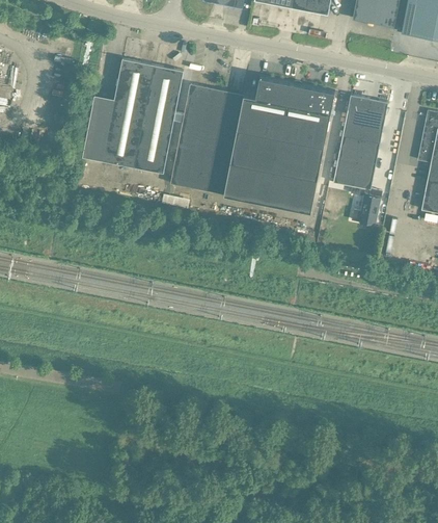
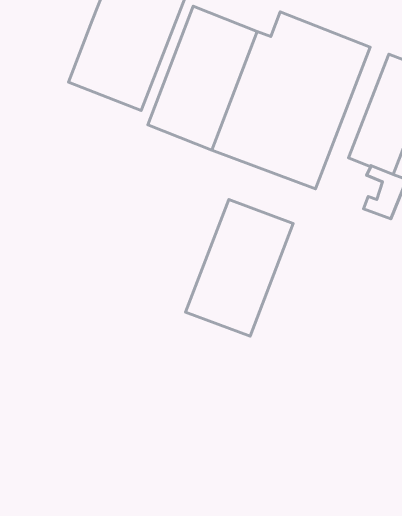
building: [82,105,112,160] -> none
building: none -> [185,200,293,336]

